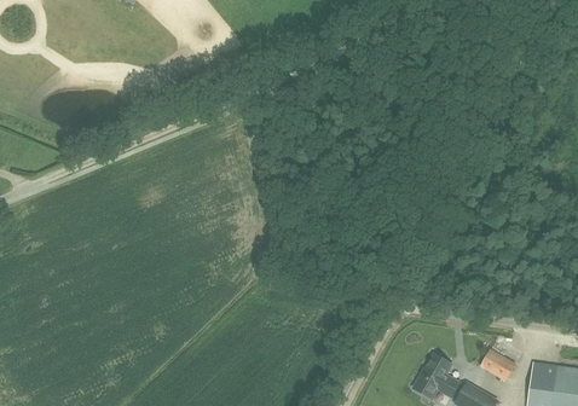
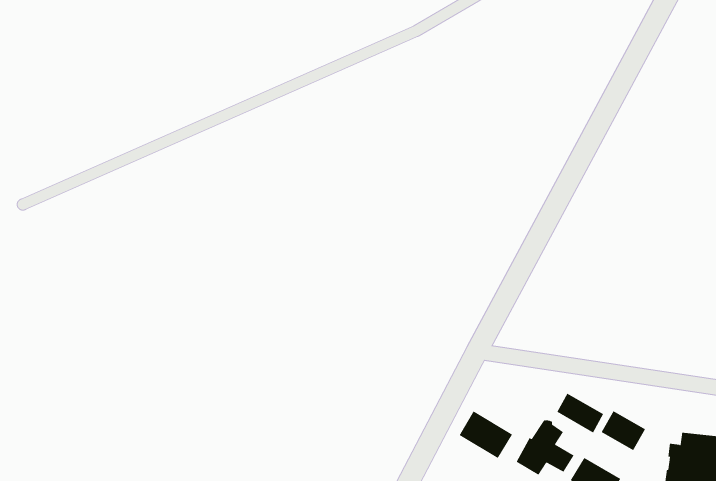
building: none -> [556,393,604,433]
building: none -> [459,411,513,459]

